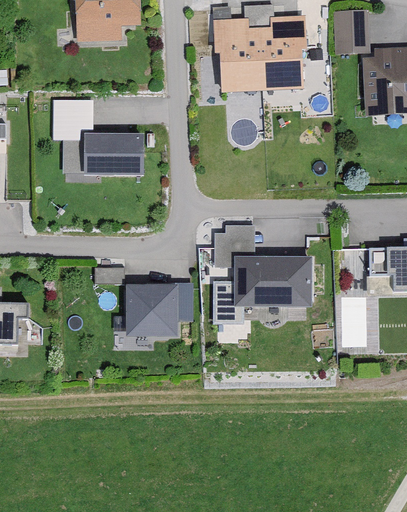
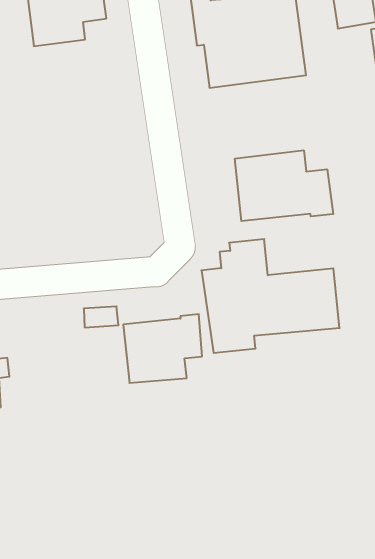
building: [52,100,143,176] -> none
building: none -> [235,150,333,221]

